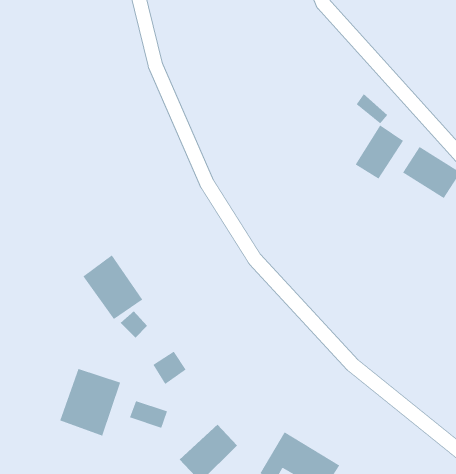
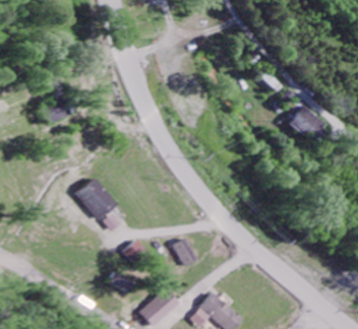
building: [355,125,404,179] -> none
building: none -> [173,238,197,266]
building: [60,368,121,437] -> none

